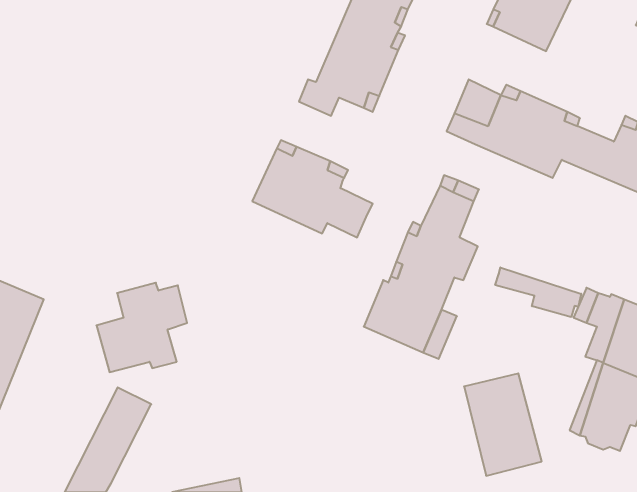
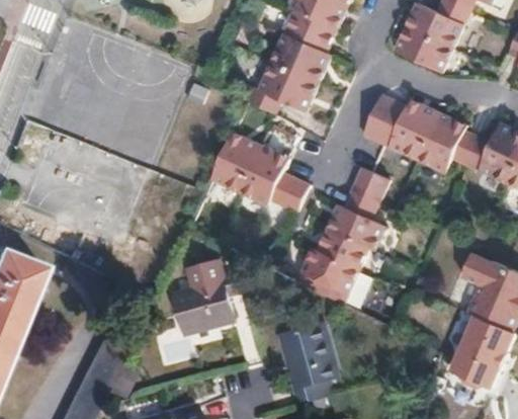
building: [495,267,581,317] -> none
building: [96,283,187,372] -> [174,267,245,337]
building: [464,373,542,476] -> [282,328,343,408]

